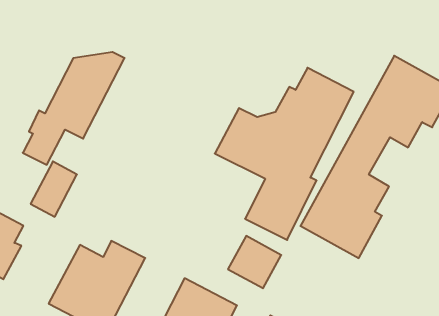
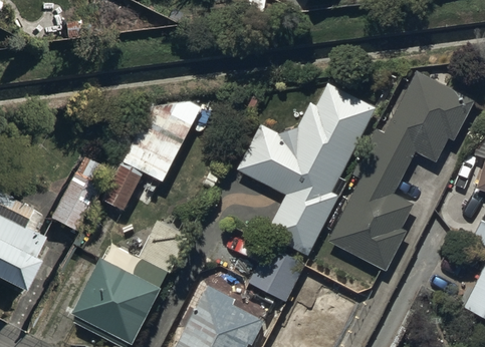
building: [23,52,125,165] -> [102,98,204,211]

